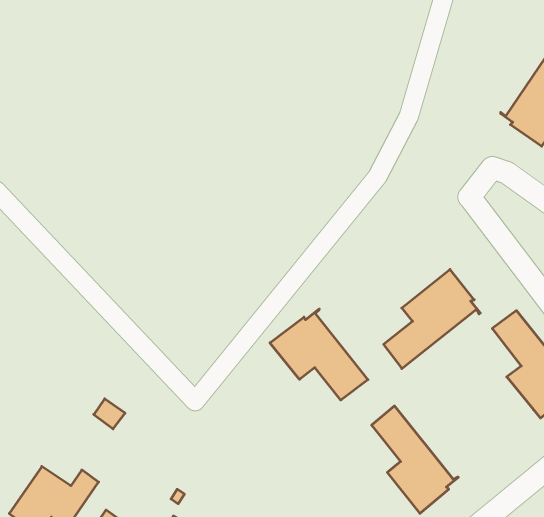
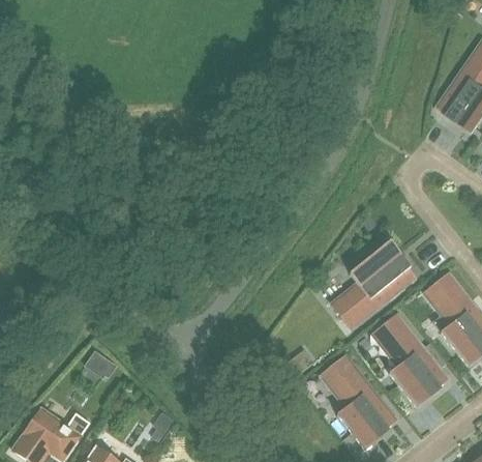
building: [270,309,368,400] -> none
building: none -> [374,315,450,407]

